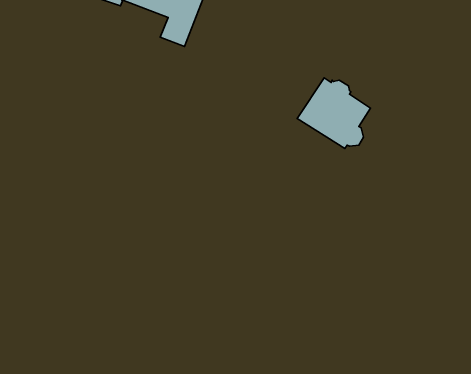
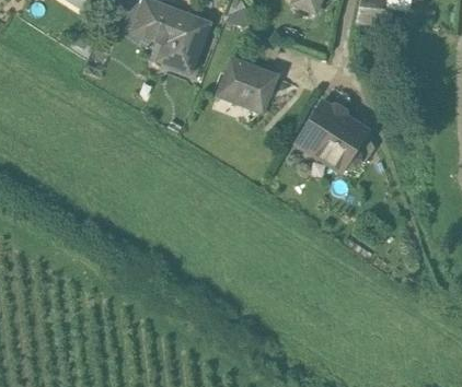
building: none -> [217,58,276,112]

